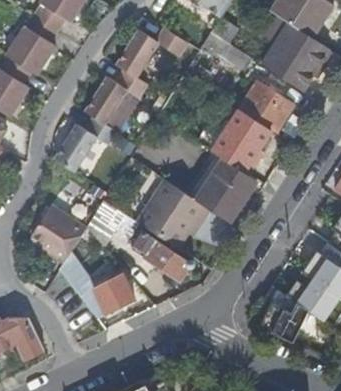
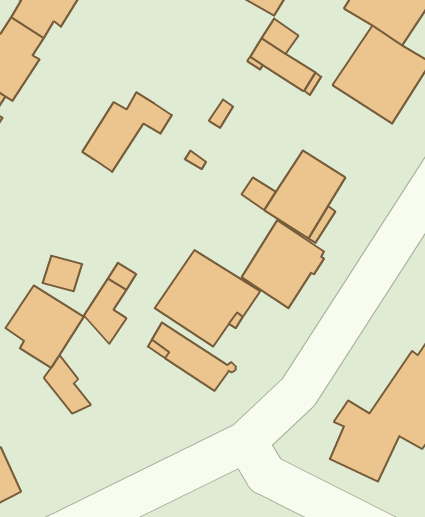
building: [116,28,187,77] -> none
building: [238,81,293,132] -> none
building: [54,116,118,173] -> none
building: [78,282,132,316] -> none

